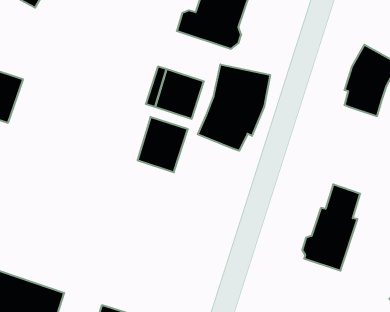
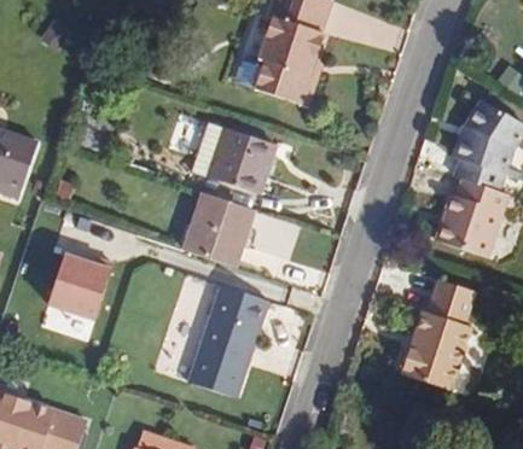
building: [198,64,270,151] -> none
building: none -> [432,179,504,256]
building: none -> [47,252,112,323]
building: none -> [185,285,265,397]

